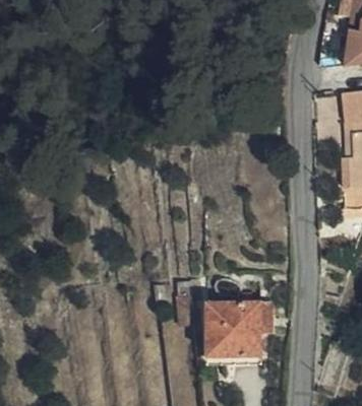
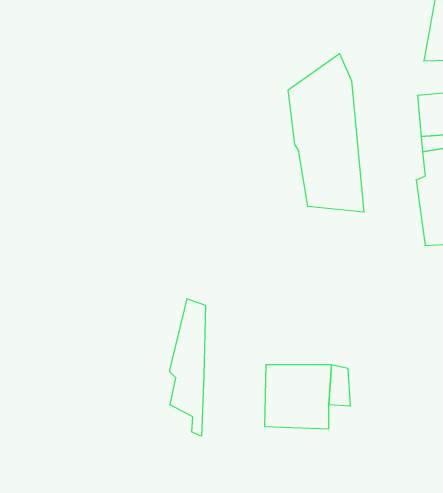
building: none -> [288,54,364,212]
building: none -> [170,299,206,436]

